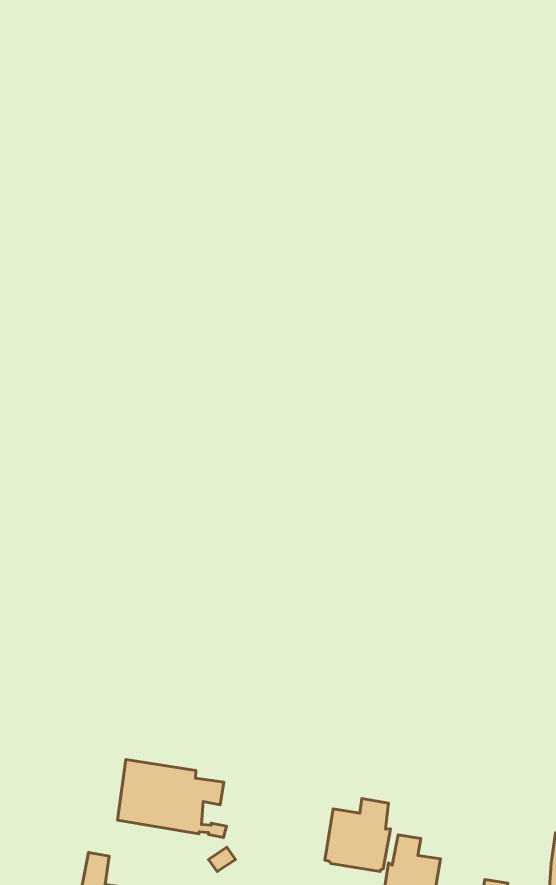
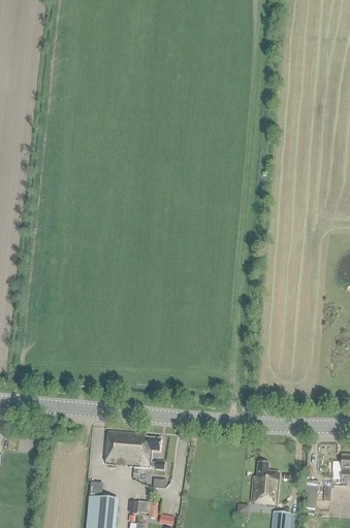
building: [325,799,390,871] -> none

